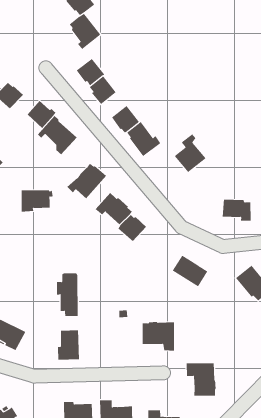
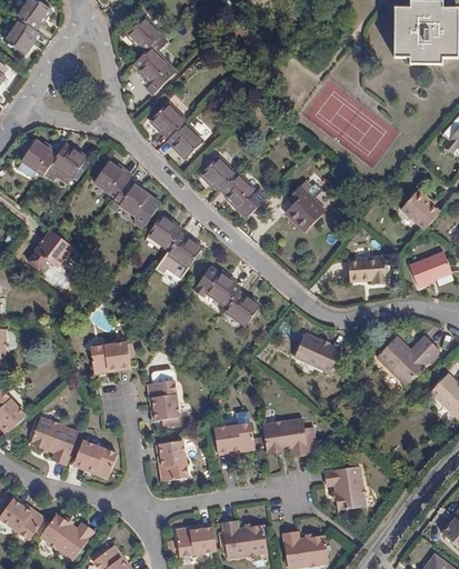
building: none -> [143,213,179,249]
building: [21,190,54,212] -> [92,340,134,372]
building: none -> [219,427,259,458]

